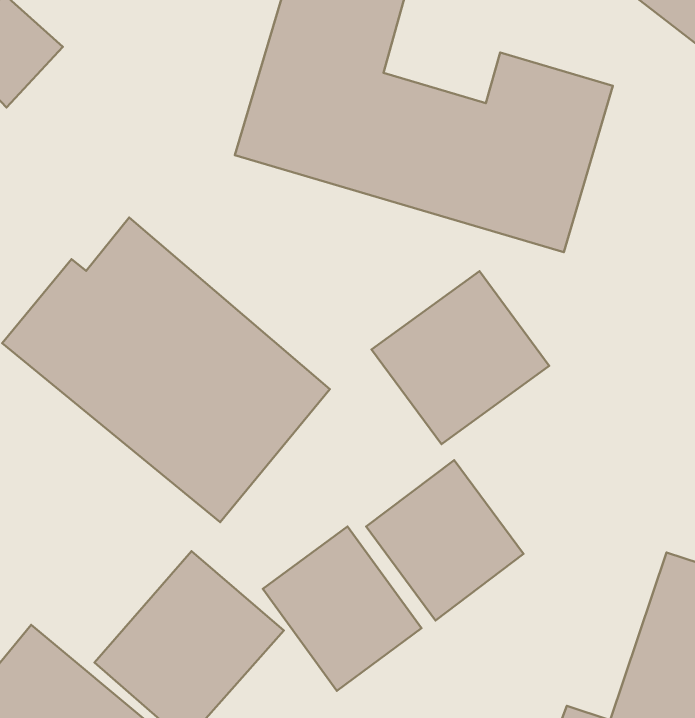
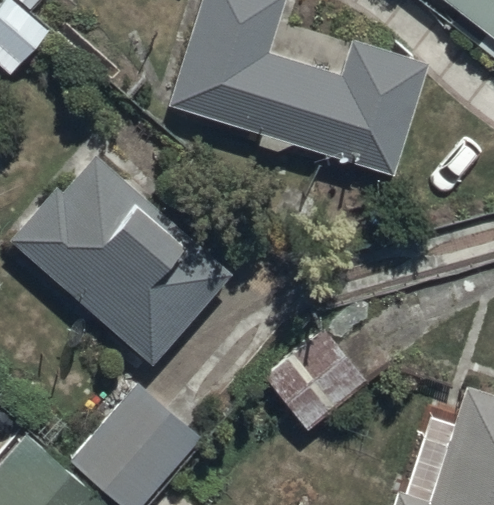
building: [372,271,549,444] -> none
building: [263,526,421,691] -> none

